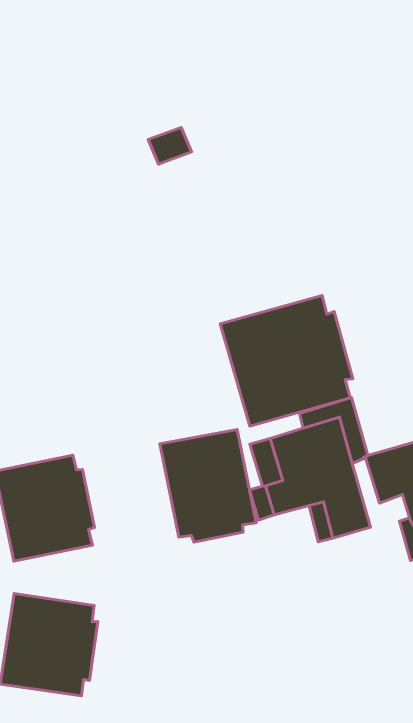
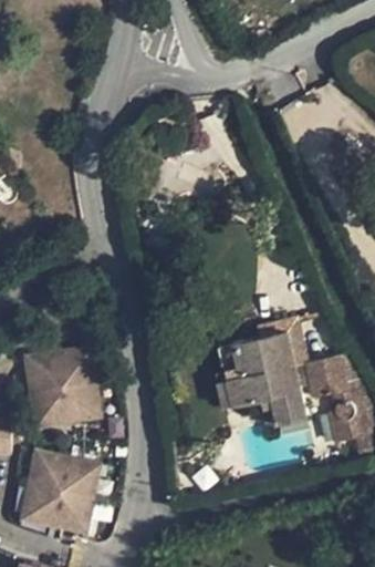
building: [220,296,353,426] -> none
building: [160,429,256,542] -> none

